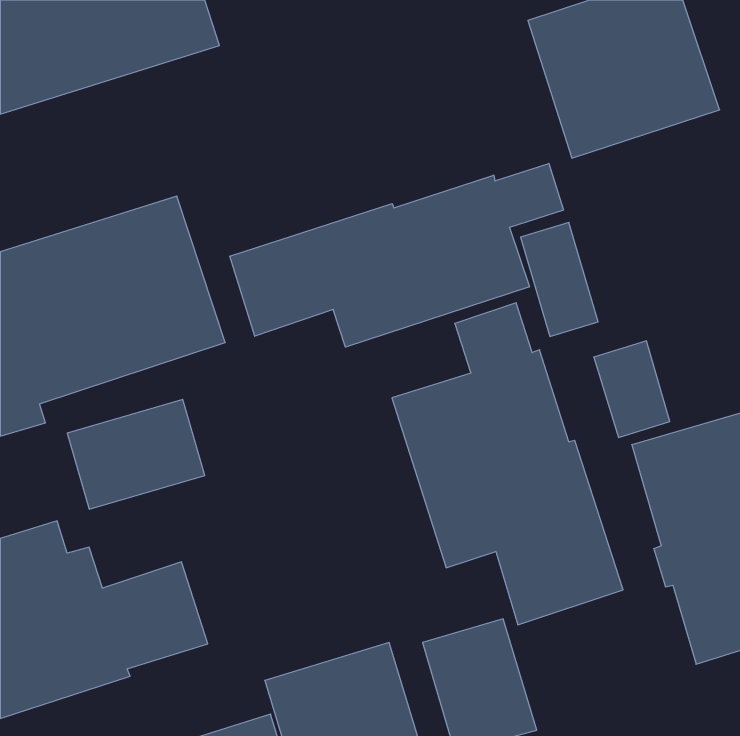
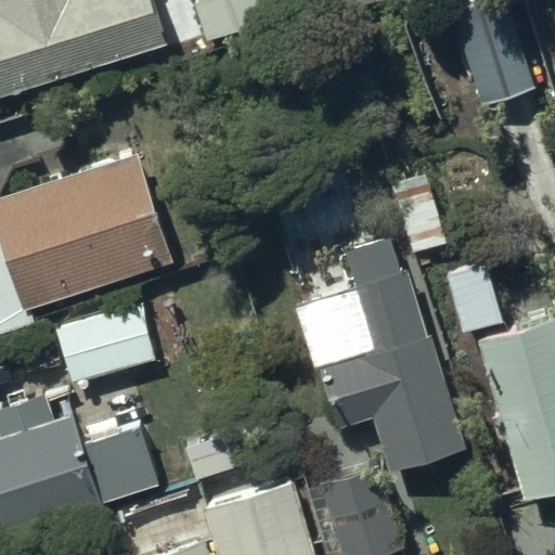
building: [230,163,563,347] -> none

